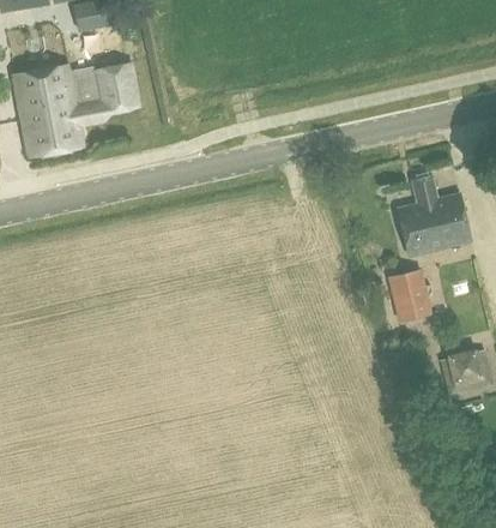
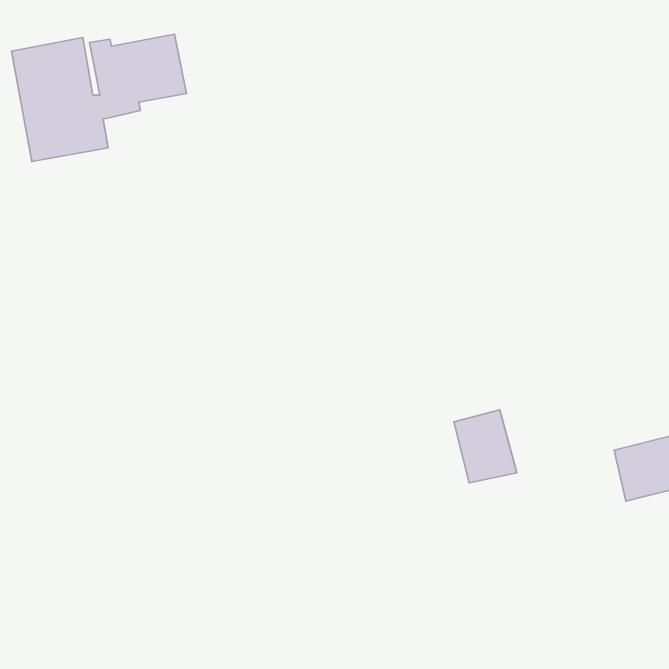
building: [399,175,471,254] -> none
building: [386,269,430,320] -> [454,410,517,483]

